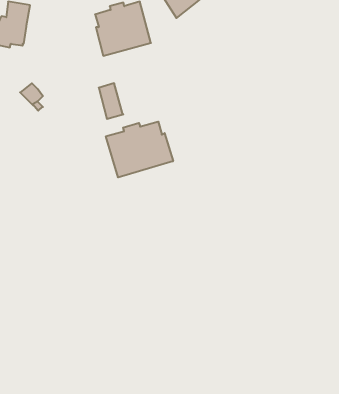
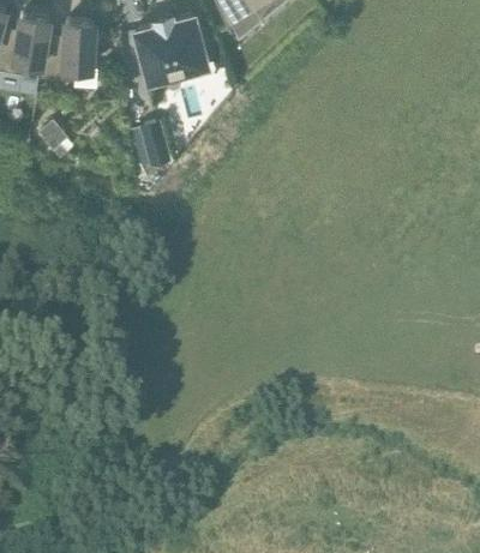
building: none -> [41,22,95,80]
building: [106,122,173,177] -> none

